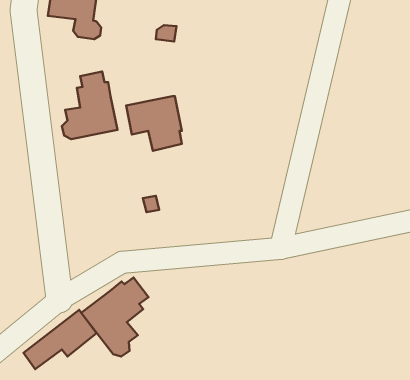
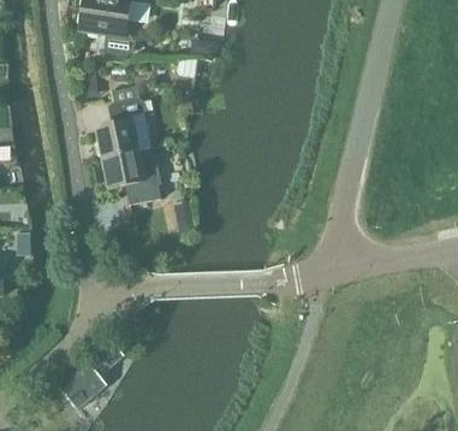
building: [126,96,182,151] -> [103,148,161,205]
building: [81,277,148,356] -> none

